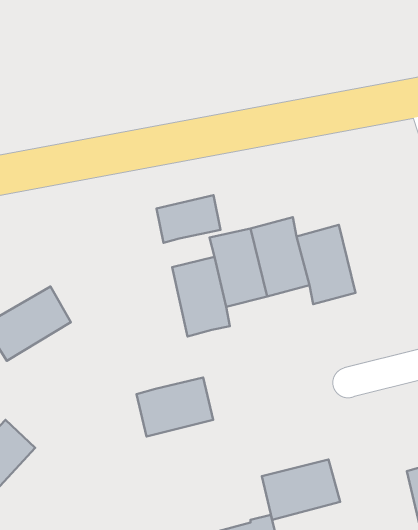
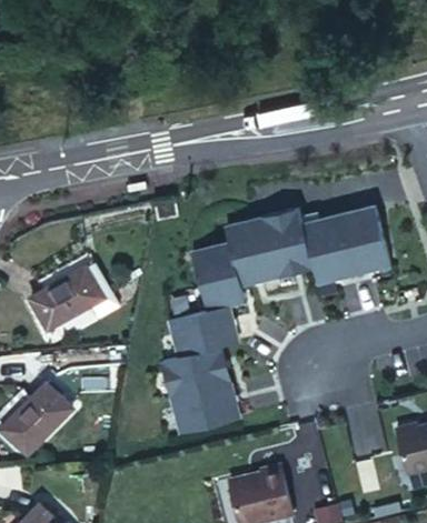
building: [156,195,220,243] -> none
building: none -> [337,205,388,273]
building: none -> [169,305,236,356]
building: [262,459,340,520] -> [170,383,238,435]

